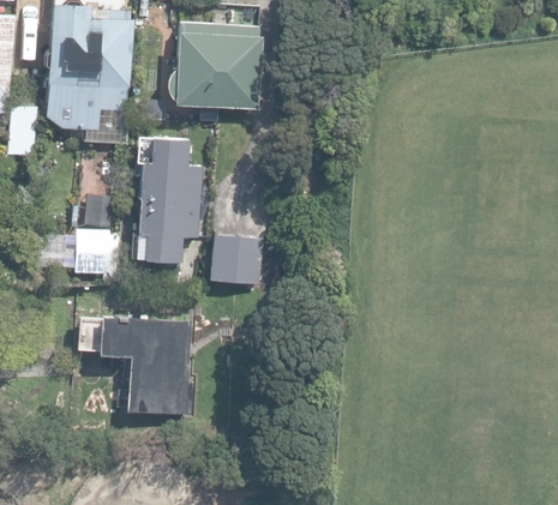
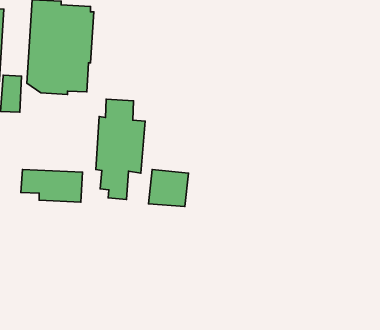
building: [173,23,259,108] -> none
building: [100,317,193,416] -> none

